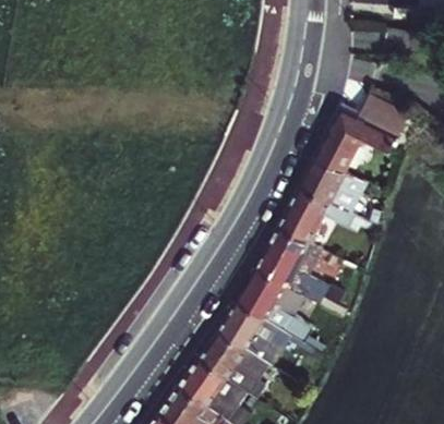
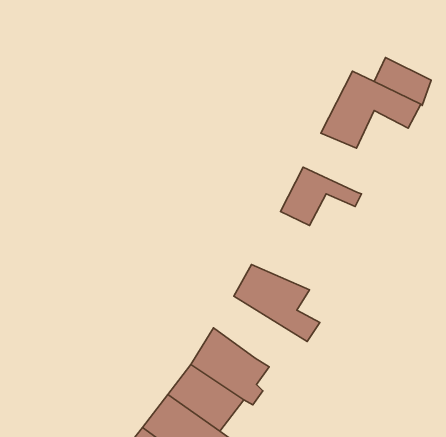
building: [299,160,360,211] -> none
building: [254,228,348,311] -> none
building: [221,301,302,354] -> none

